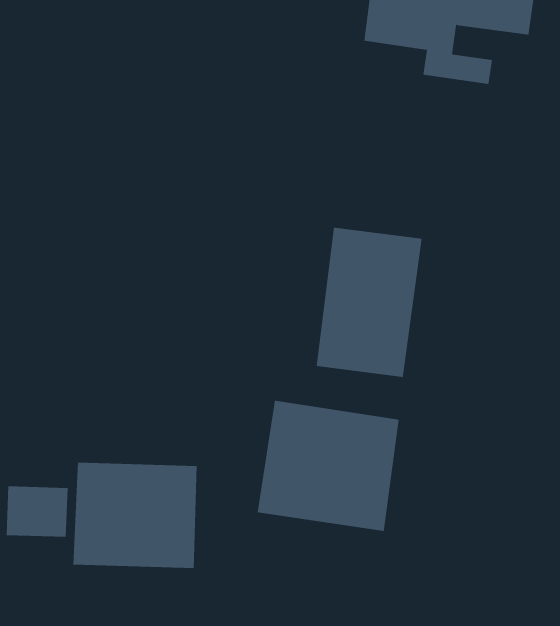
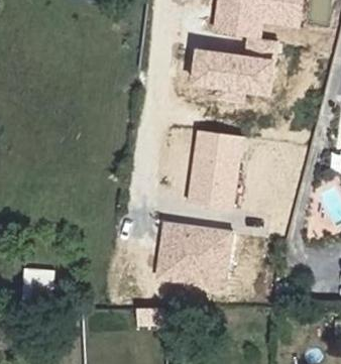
building: none -> [191,48,277,102]
building: [73,462,197,569] -> none

